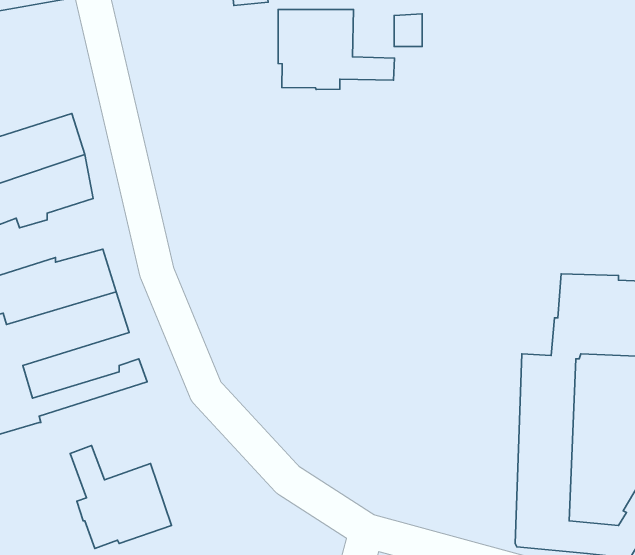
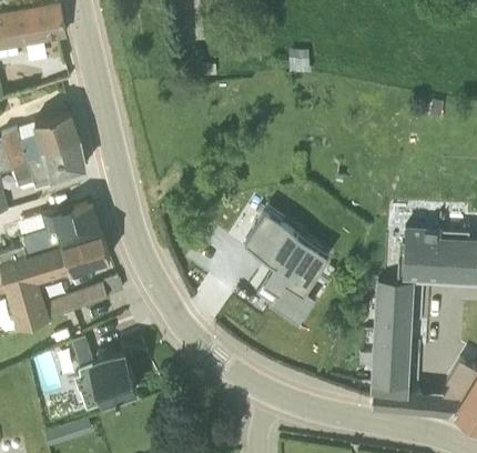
building: [278,10,395,89] -> none
building: none -> [253,209,327,324]

